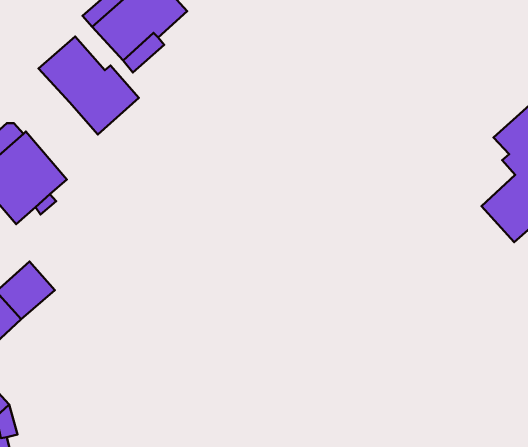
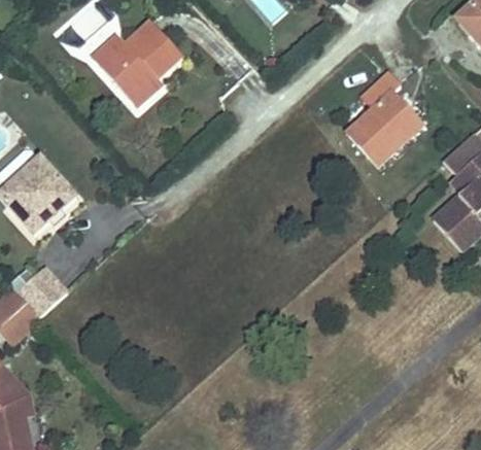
building: none -> [349,70,422,164]
building: [38,36,139,134] -> none

